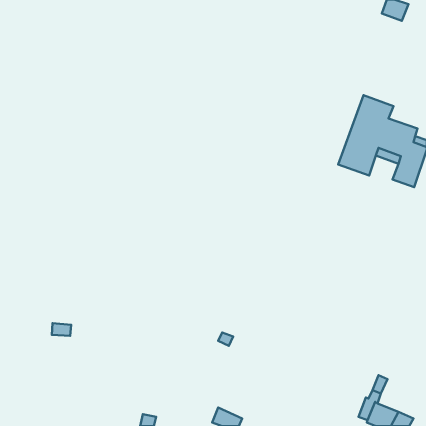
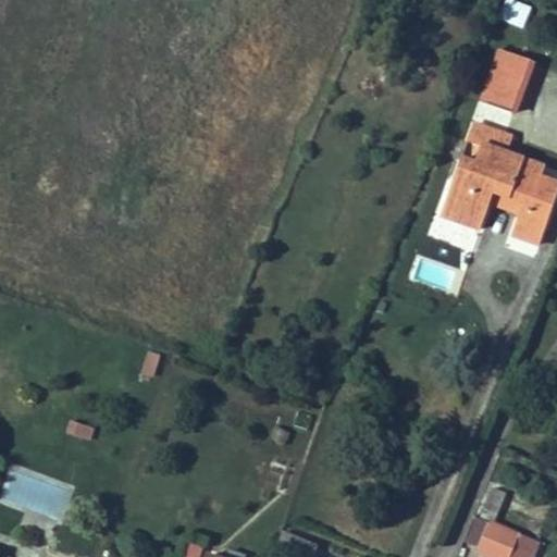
building: none -> [482,49,532,113]

